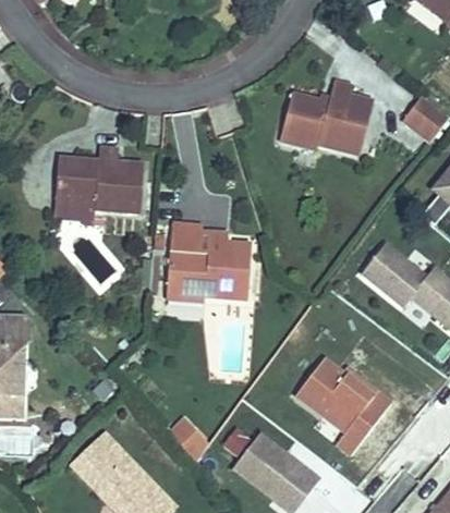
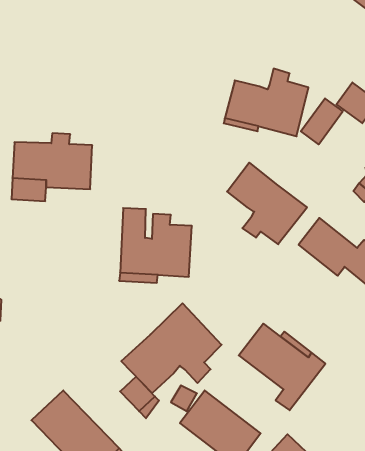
building: none -> [301,98,343,144]
building: none -> [227,163,307,244]
building: none -> [121,303,222,393]

